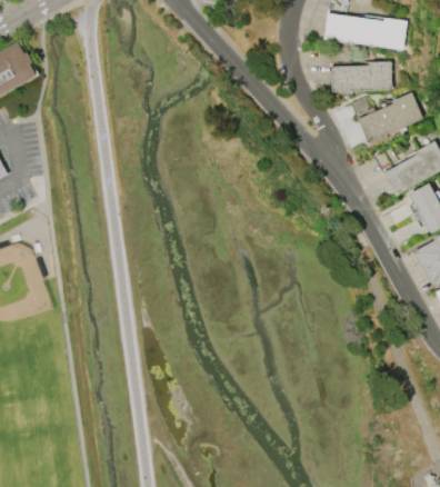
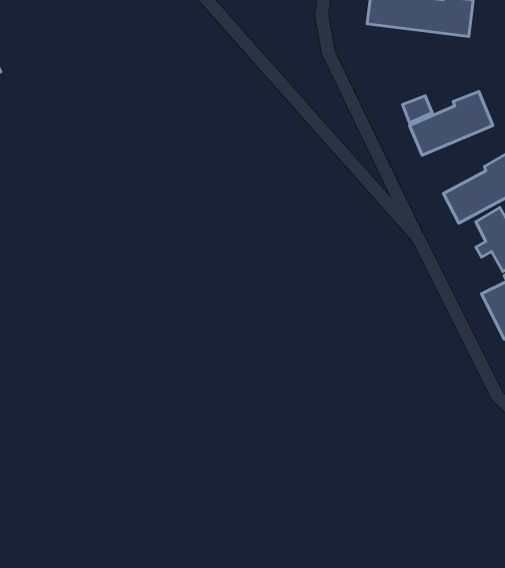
building: [330,61,391,92] -> none

